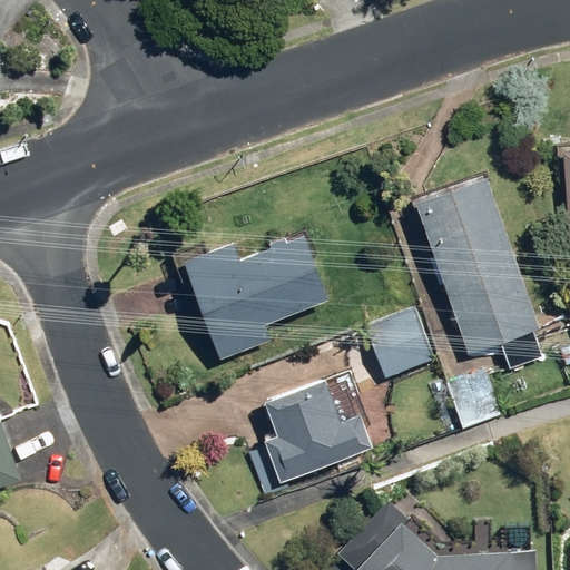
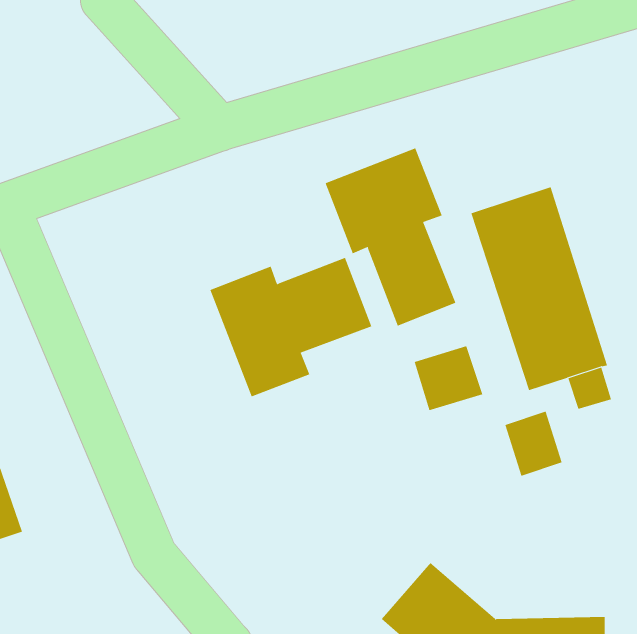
building: none -> [325,148,456,326]
building: [265,380,373,482] -> none

